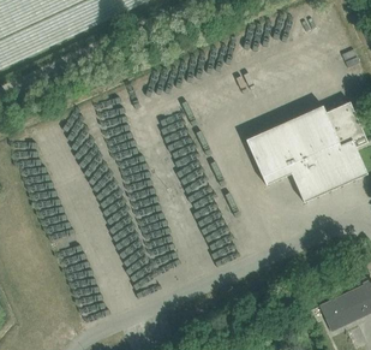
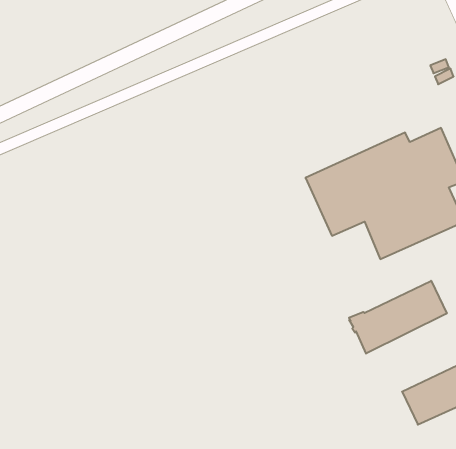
building: none -> [349,281,447,354]

